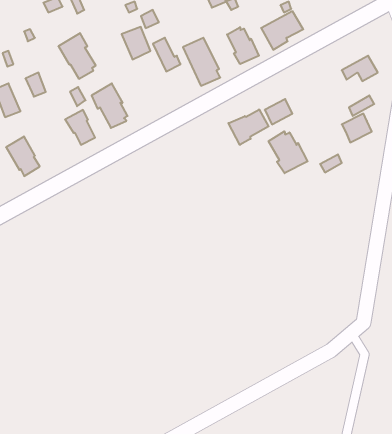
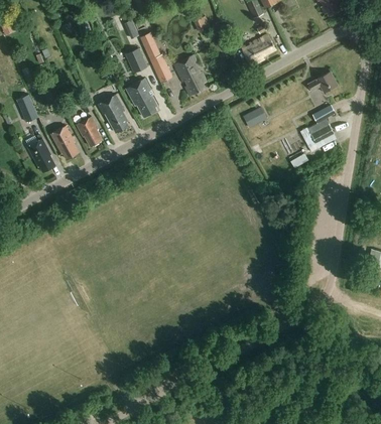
building: [227,27,259,64] -> none
building: [58,33,96,79] -> [127,78,158,116]
building: [228,109,269,145] -> none
building: none -> [49,126,79,158]
building: [269,131,308,173] -> none

